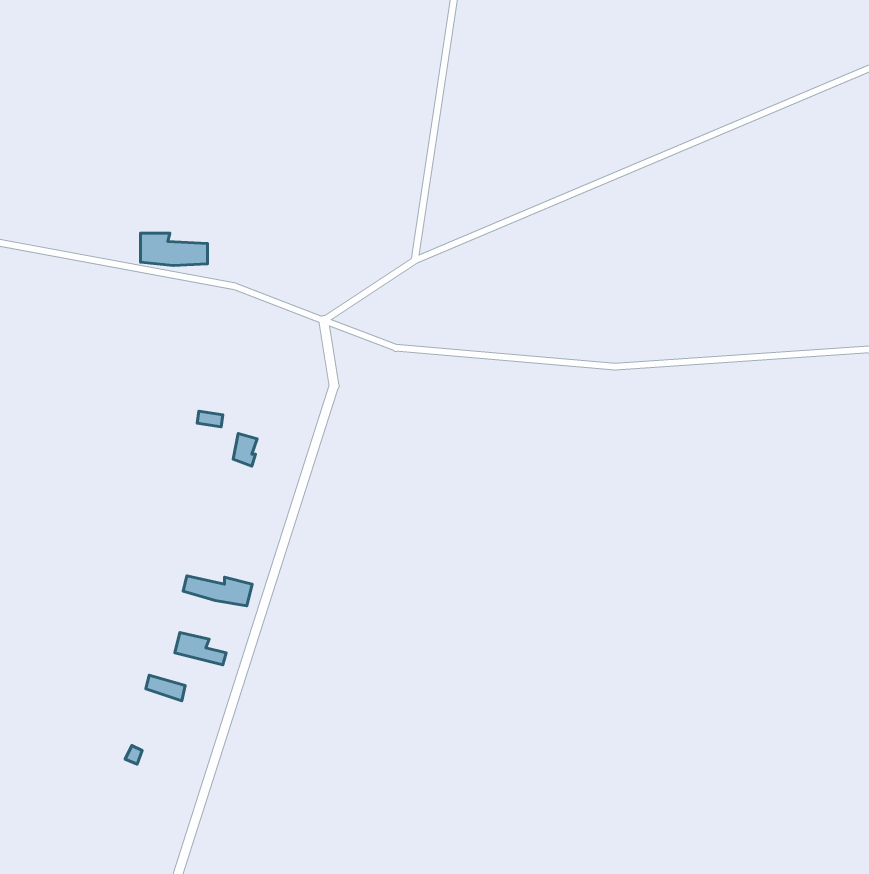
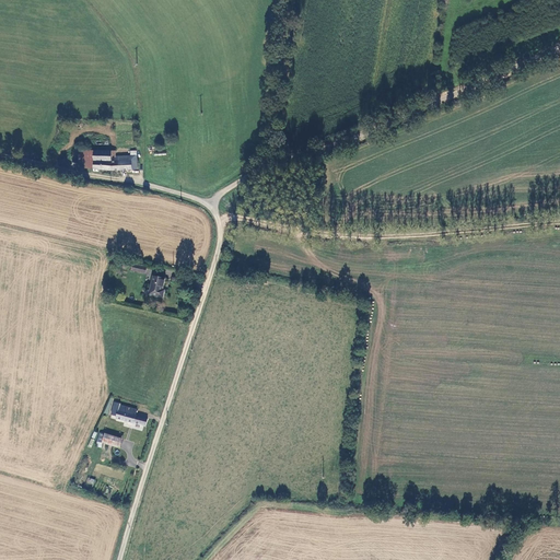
building: [183,576,252,606] -> none

